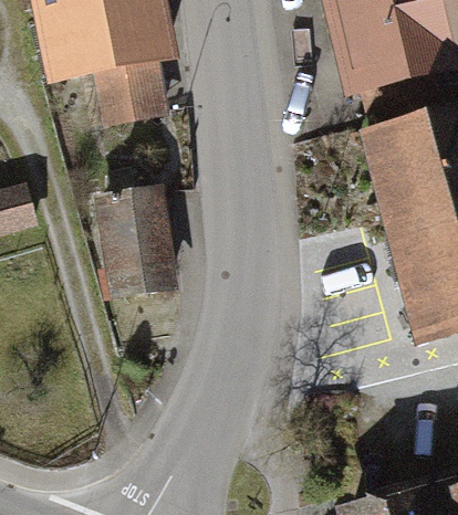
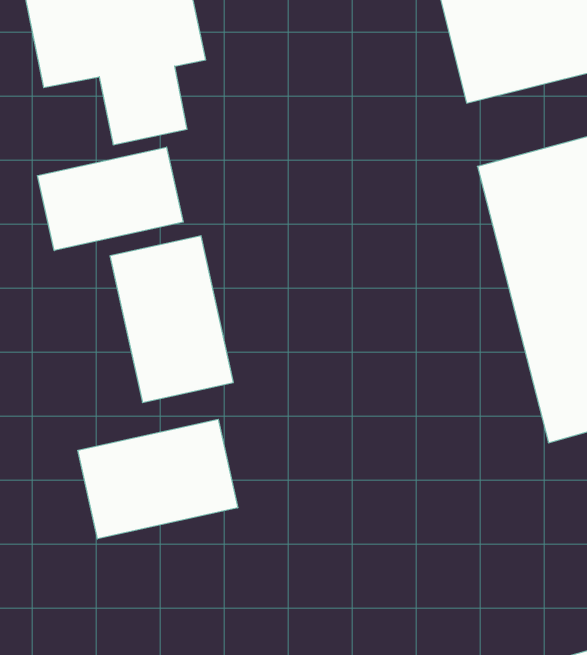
building: none -> [38,147,183,251]
building: none -> [78,419,238,539]

